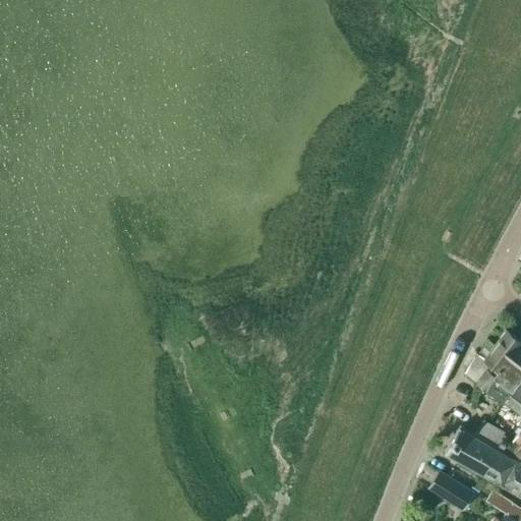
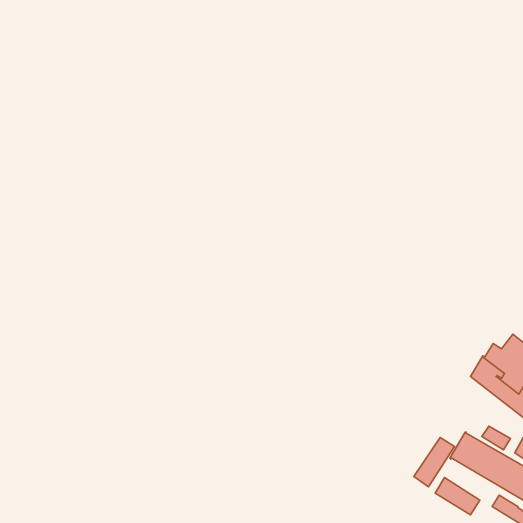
building: none -> [414,437,454,487]

